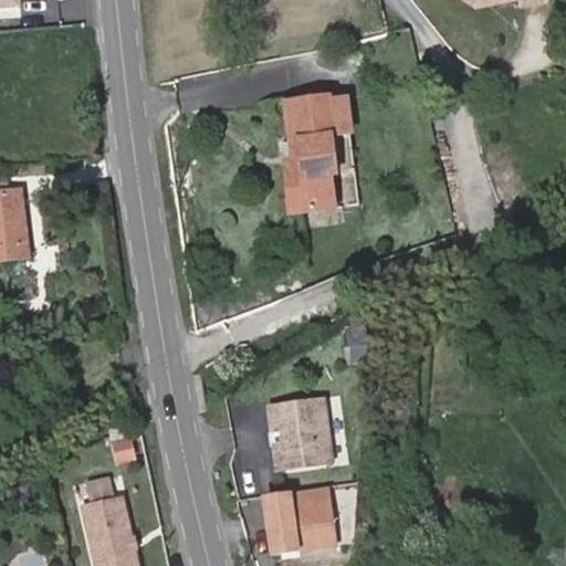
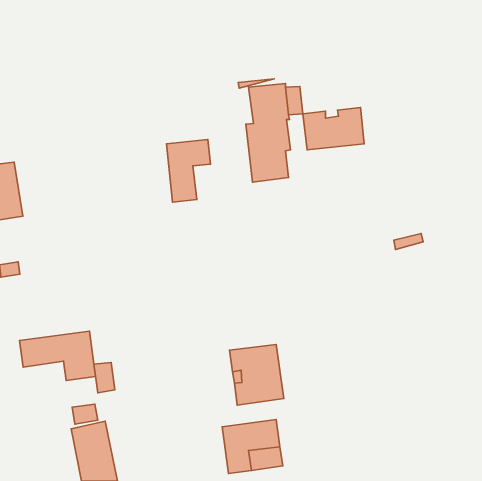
building: none -> [303,108,364,150]
building: none -> [166,139,211,202]
building: none -> [19,331,96,381]

